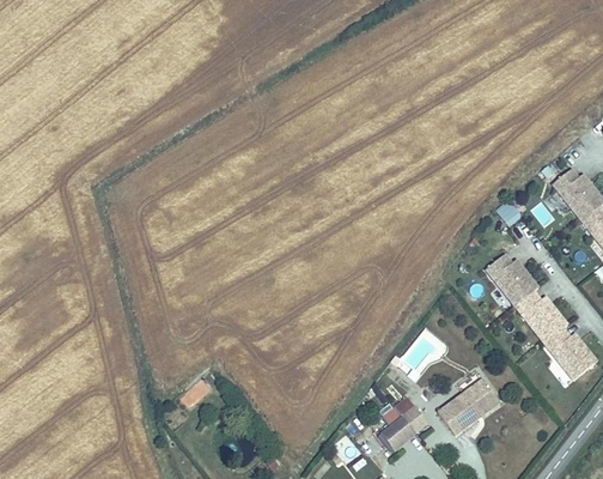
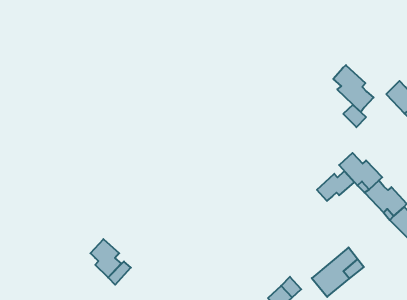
building: none -> [333,65,374,112]
building: none -> [317,171,354,201]
building: none -> [90,239,121,278]

